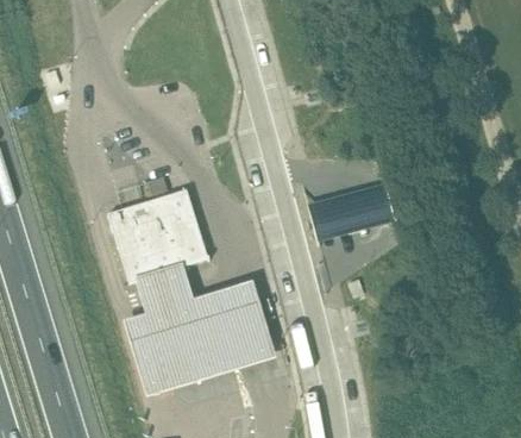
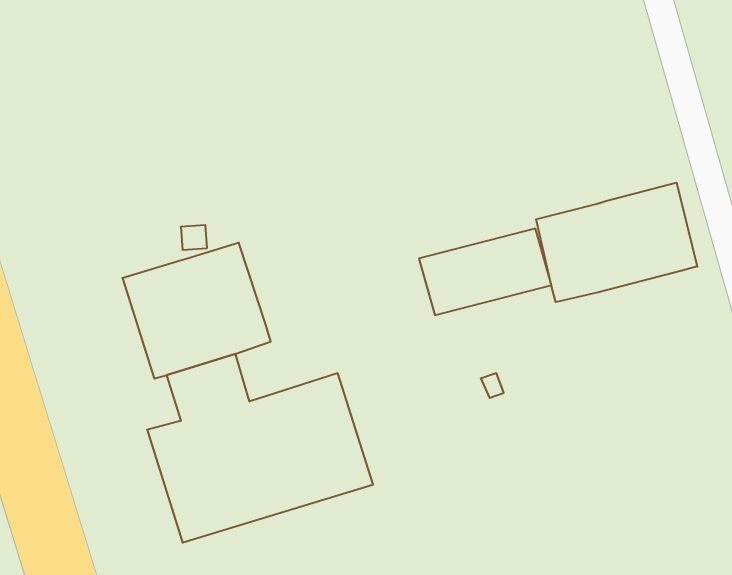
building: none -> [536,183,697,302]

